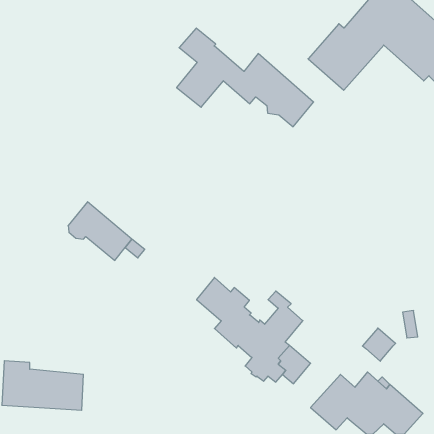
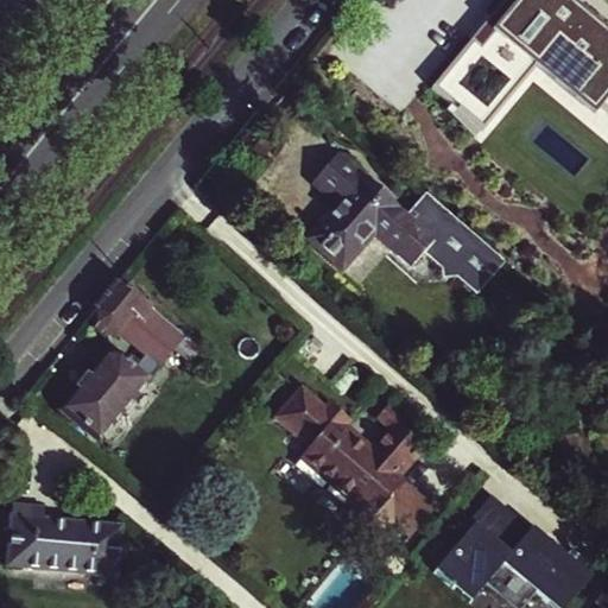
building: [177,28,314,127] -> [314,157,505,294]
building: none -> [65,355,150,439]
building: [362,328,396,361] -> [471,494,518,540]

